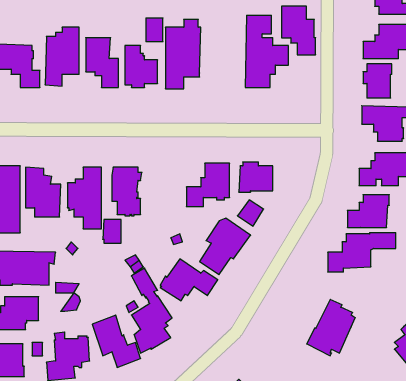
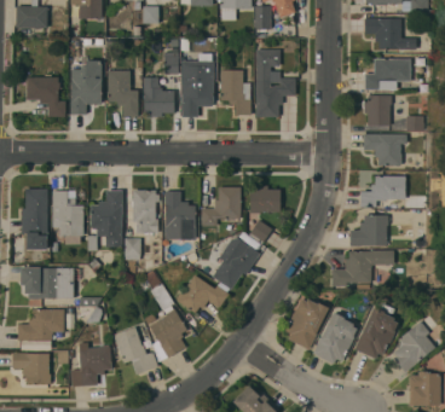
building: [282,6,316,55] -> [220,70,252,115]
building: none -> [164,191,196,239]
building: none -> [284,298,329,349]
building: none -> [354,303,398,359]

